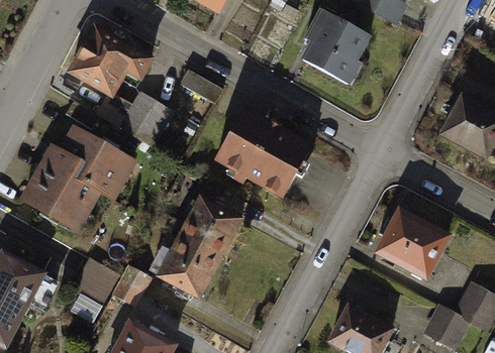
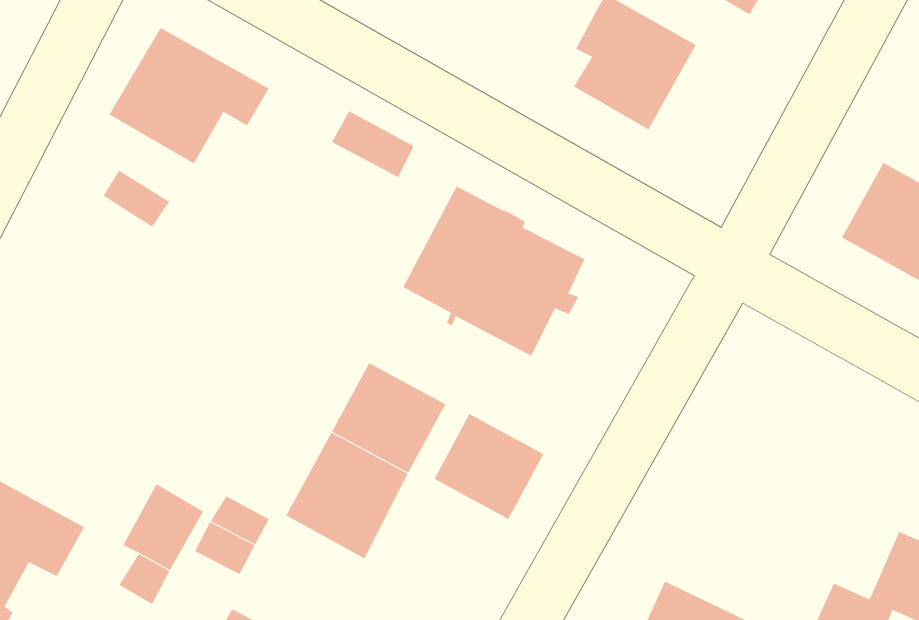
building: [119,92,169,143] -> none
building: [20,127,131,234] -> none
building: [379,208,452,278] -> none
building: none -> [434,413,544,520]

